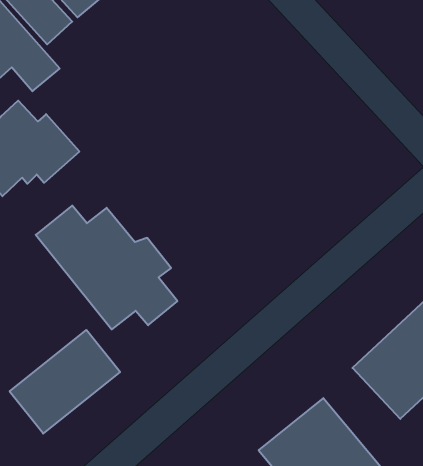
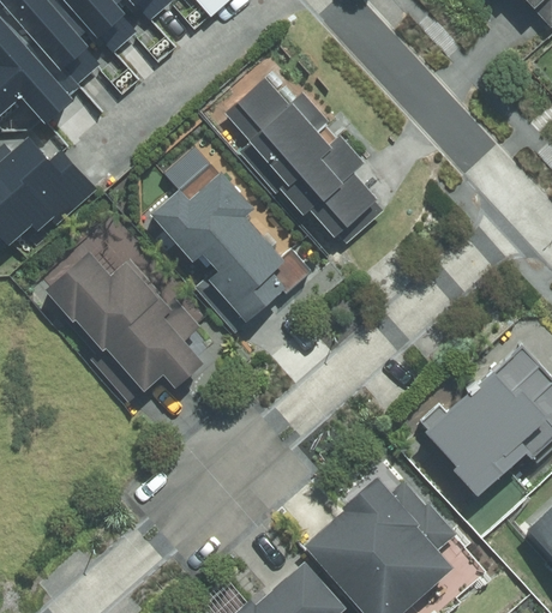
building: none -> [222,74,383,240]
building: none -> [148,167,317,329]
building: [10,330,120,434] -> none

